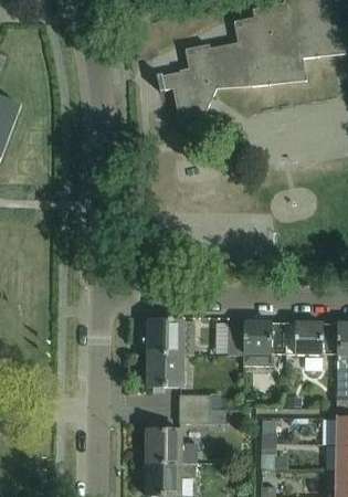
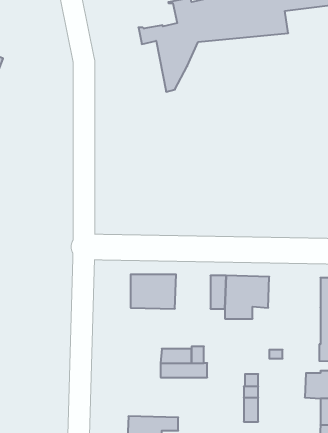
building: [285,322,337,353] -> none
building: [147,353,181,387] -> none
building: [146,429,197,463] -> none

